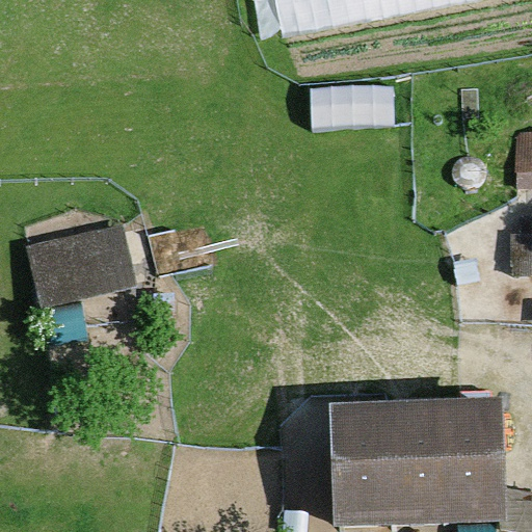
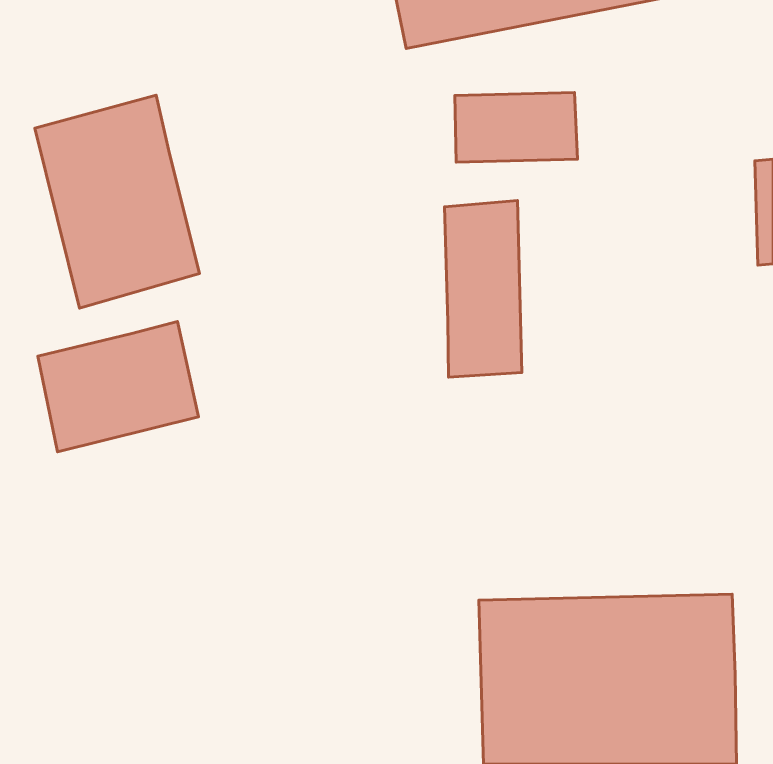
building: none -> [35,95,200,308]
building: none -> [445,200,522,377]

